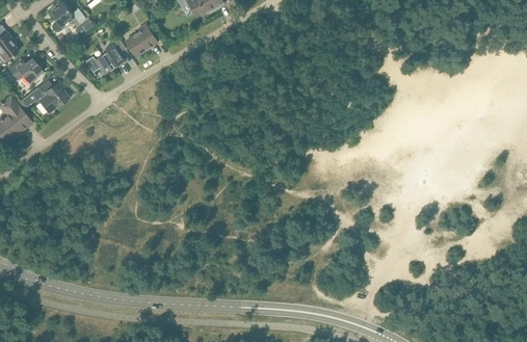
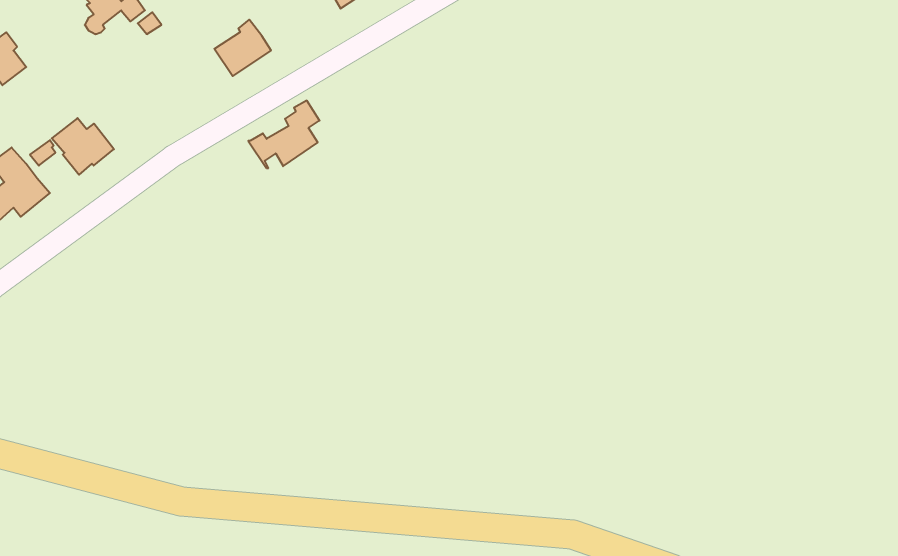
building: [84,36,125,75] -> [248,101,320,168]
building: [7,57,43,83] -> none

